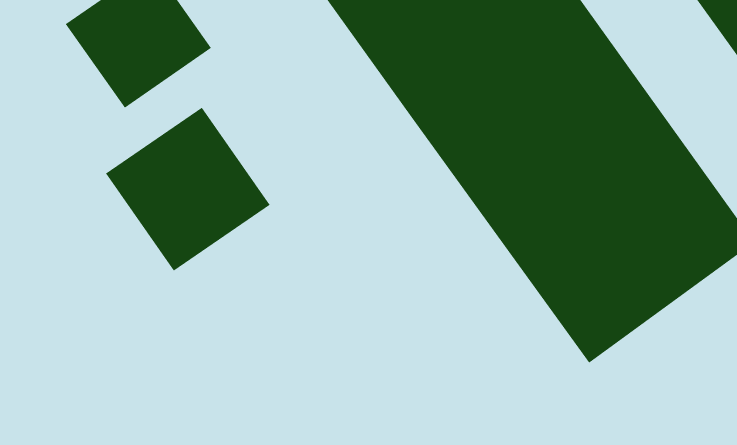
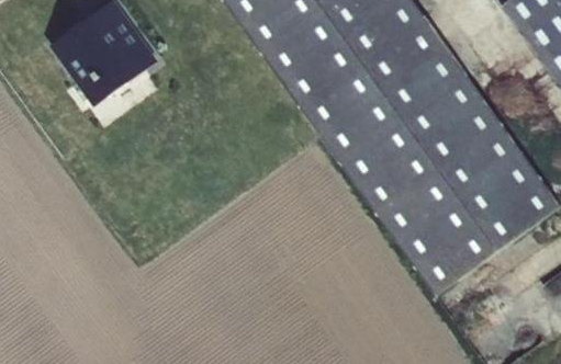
building: [105,107,271,272] -> none

